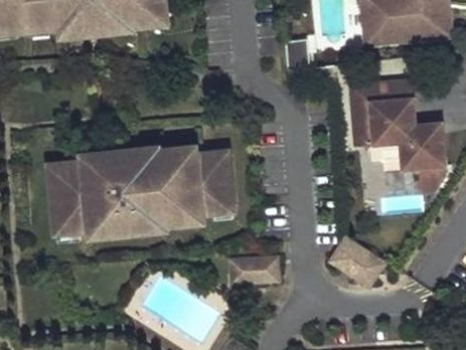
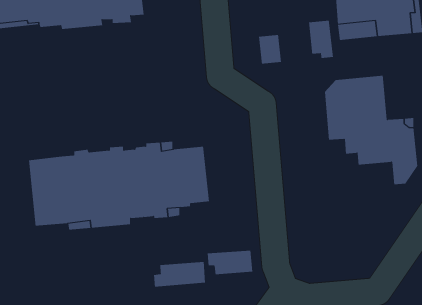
building: none -> [309,20,333,59]
building: [330,235,385,285] -> none
building: none -> [154,261,205,288]

